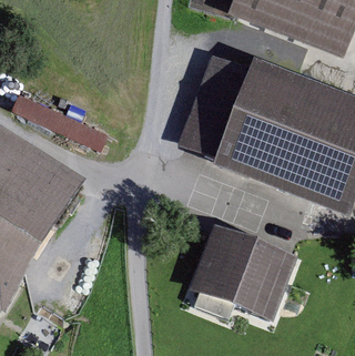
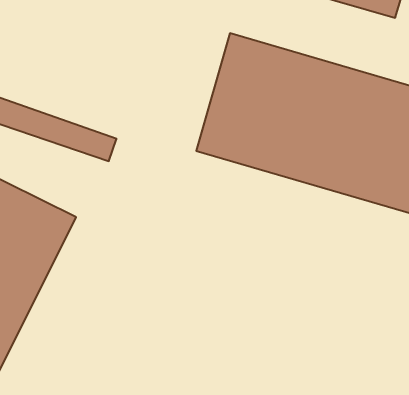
building: [196,230,293,319] -> none

